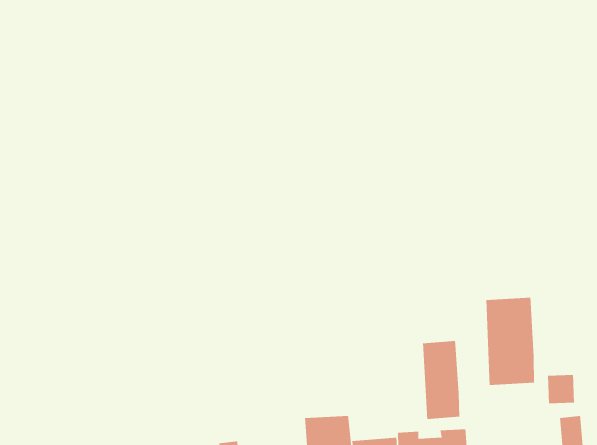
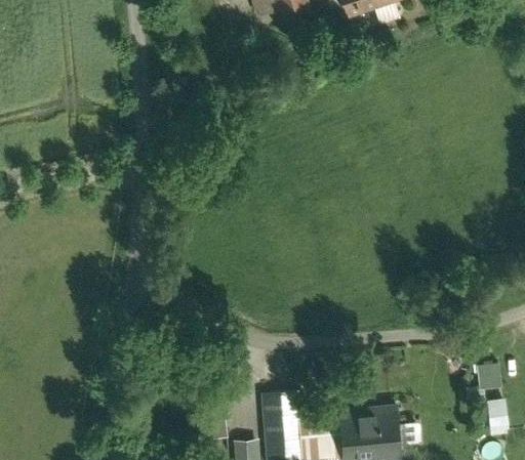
building: [485,297,535,386] -> none
building: [422,340,460,420] -> none

